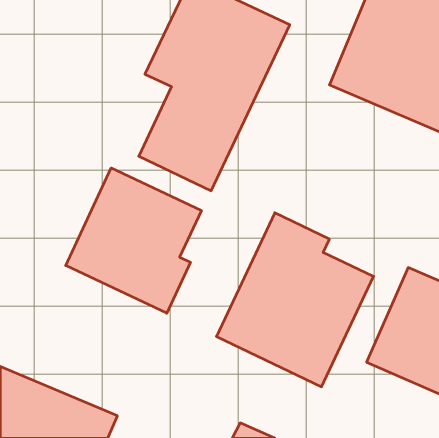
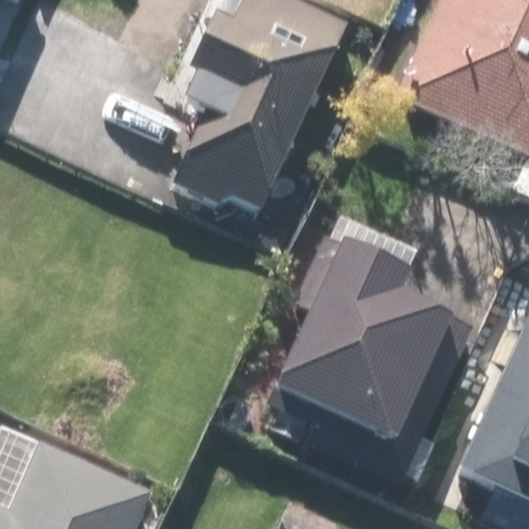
building: [66,168,201,313] -> none

